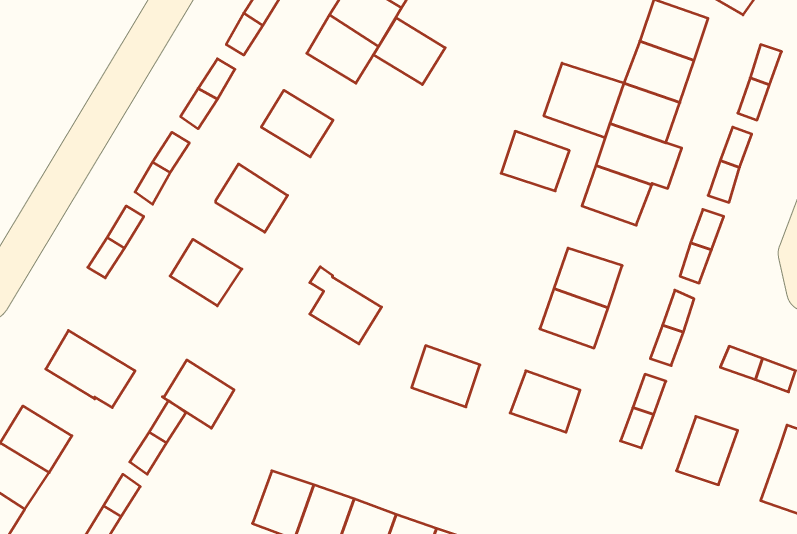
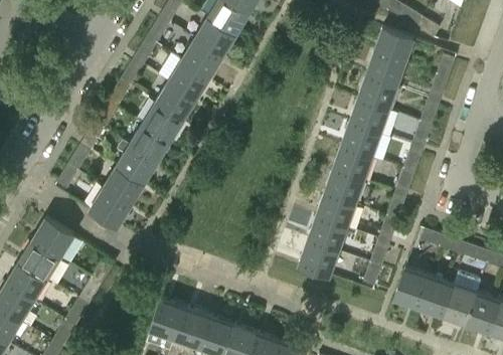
building: [373,18,445,85] -> [168,61,209,100]
building: [544,63,624,137] -> none
building: none -> [142,104,183,143]
building: [501,131,569,191] -> [331,149,370,183]
building: [310,267,382,344] -> [116,141,157,185]
building: [412,346,480,407] -> [307,219,346,254]
building: [162,360,234,428] -> [89,189,130,228]
building: none -> [18,242,59,281]
building: none -> [417,278,453,318]

